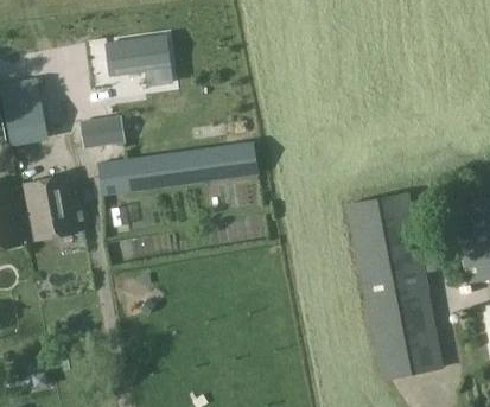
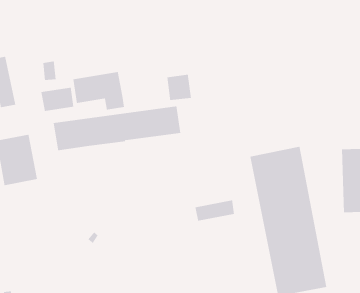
building: [104,26,171,75] -> [72,72,125,110]
building: none -> [167,74,192,101]
building: none -> [195,200,234,222]

